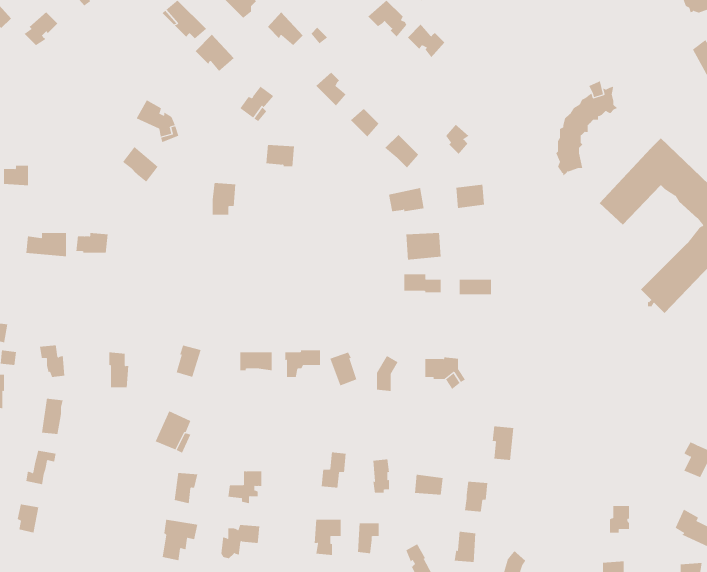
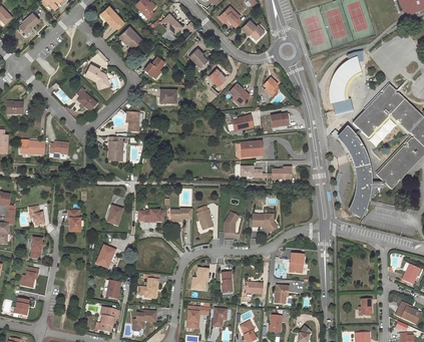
building: none -> [340,126,374,215]
building: none -> [108,136,126,160]

